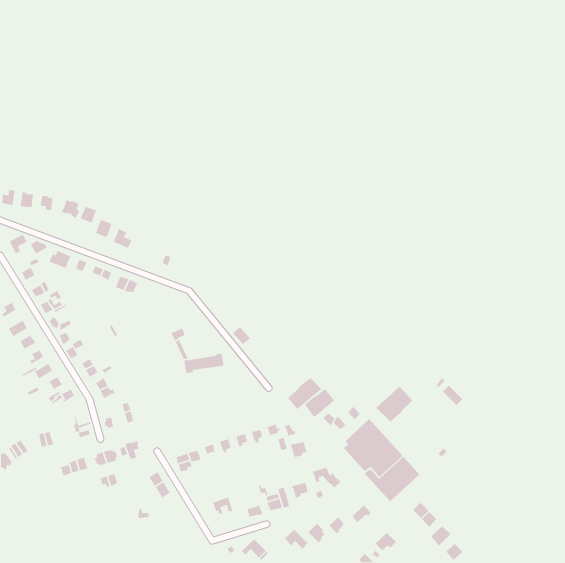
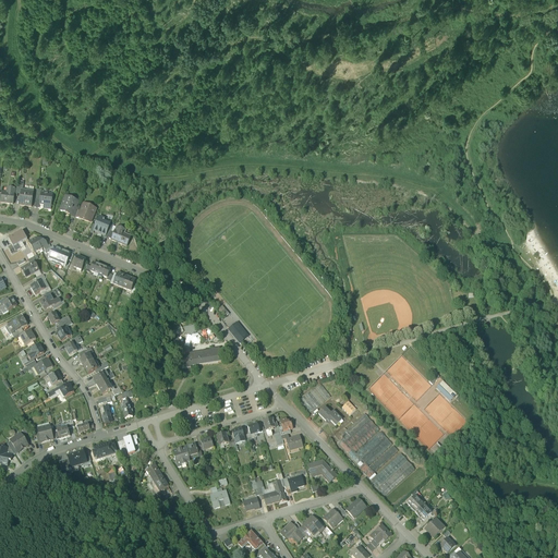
building: [287,377,322,410] -> none
building: [376,386,413,422] -> none

